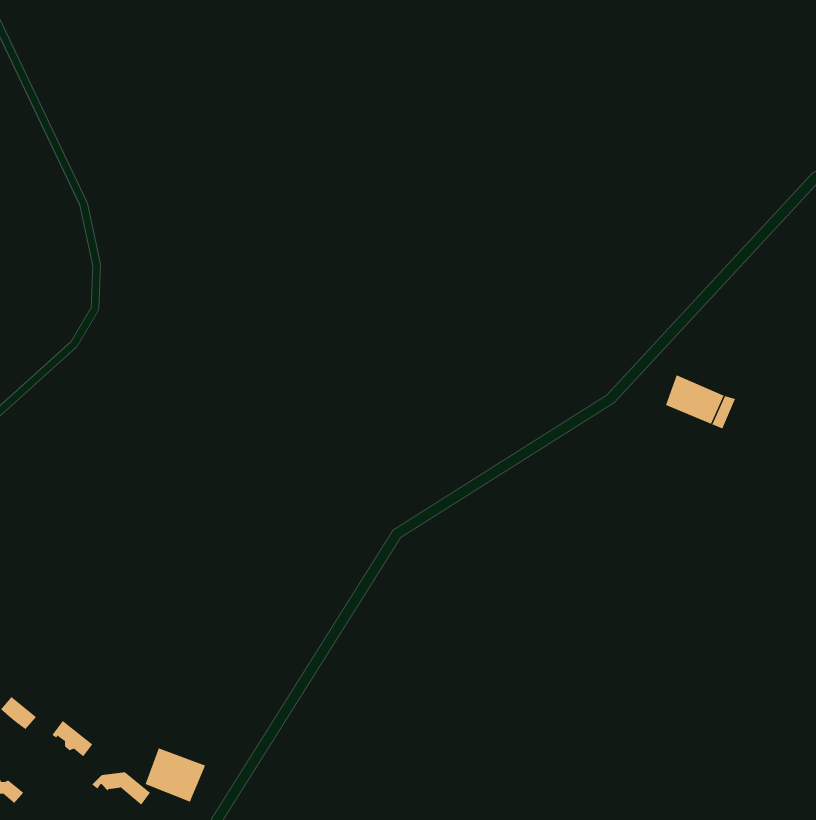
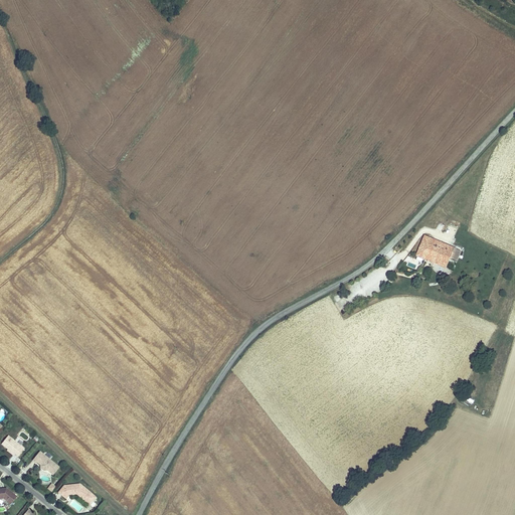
building: [145,748,206,802] -> none

